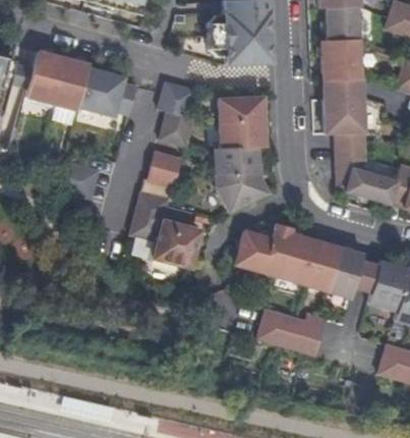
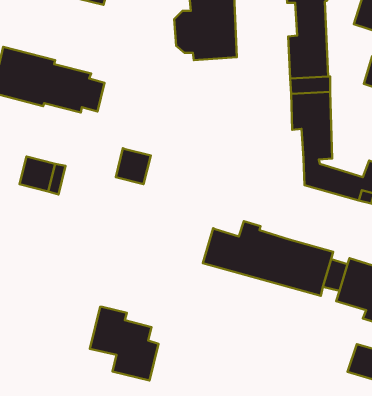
building: [161,83,196,146] -> none
building: [217,96,270,212] -> none
building: [134,193,202,266] -> [90,307,159,381]
building: [260,311,329,354] -> none

